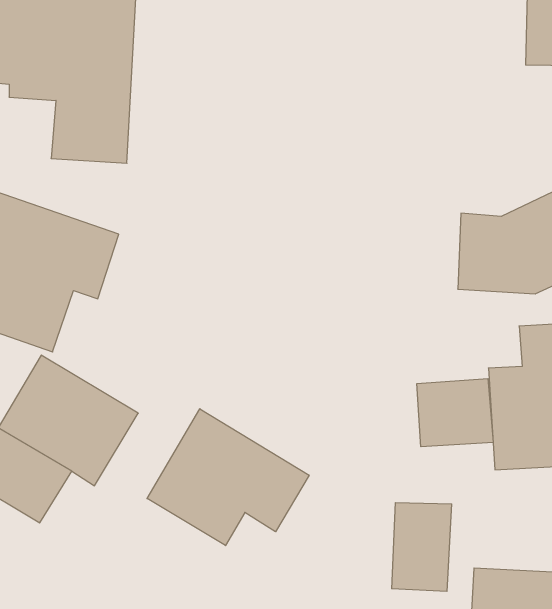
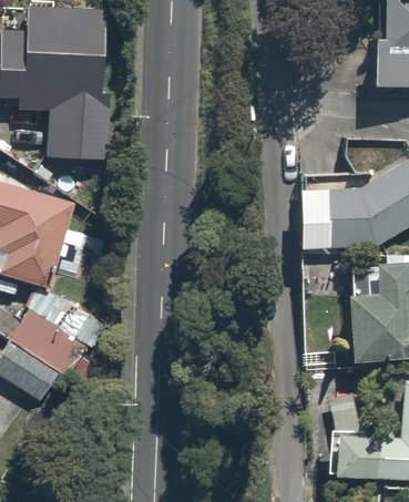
building: [417,379,493,447] -> none
building: [147,409,309,546] -> none
building: [392,503,452,591] -> none

